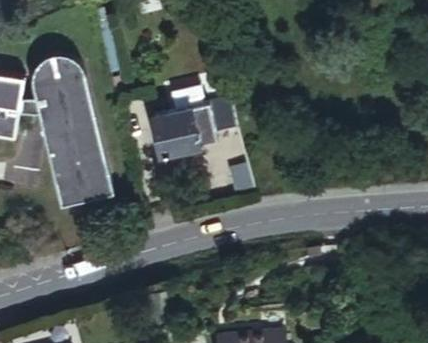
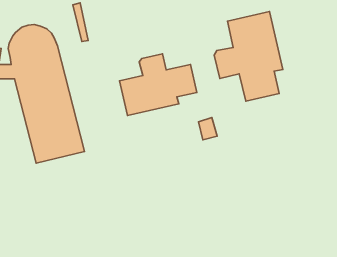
building: none -> [214,12,283,101]

